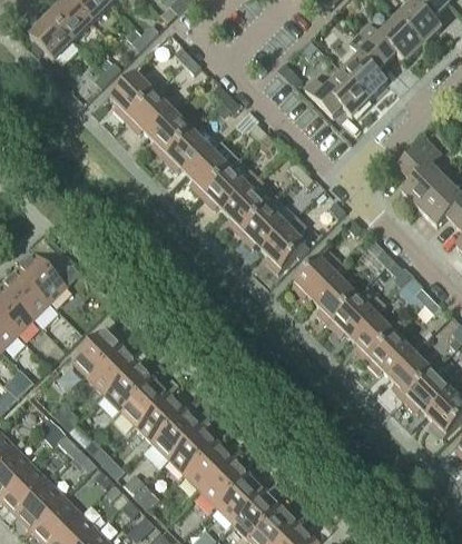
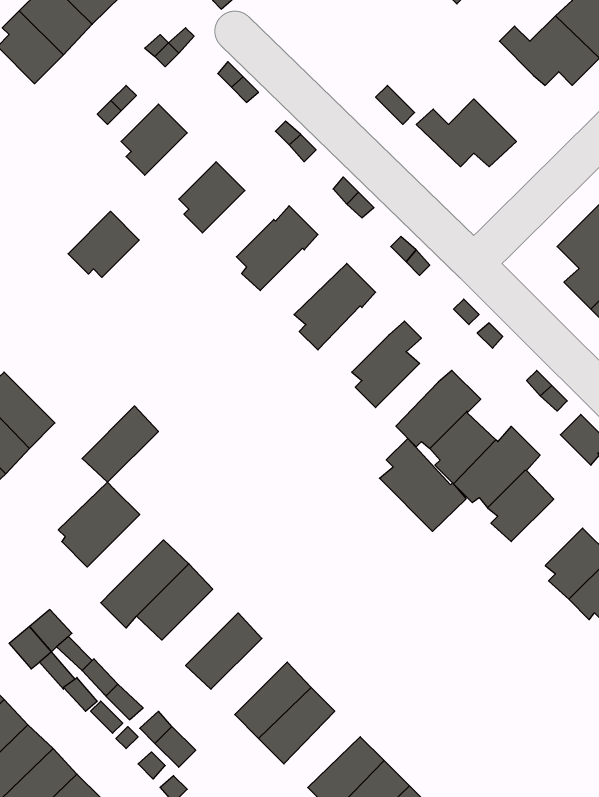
building: [343,34,390,100] -> none
building: [127,95,174,138] -> [68,211,139,277]
building: [165,132,212,176] -> none
building: [203,161,259,214] -> none
building: [240,208,287,251] -> none
building: none -> [379,439,466,531]
building: [367,335,414,378] -> none
building: [89,345,139,395] -> [82,406,158,482]
building: [138,394,188,444] -> none
building: [170,426,220,476] -> none
building: [218,474,268,524] -> none

